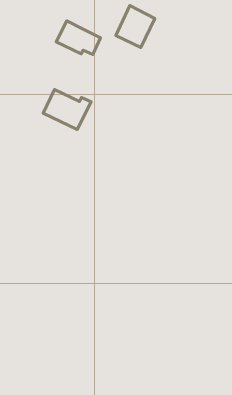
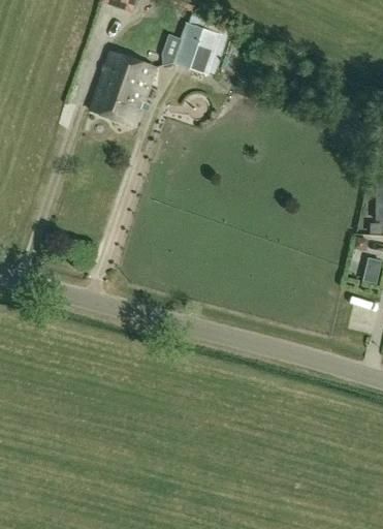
building: [43,89,91,129] -> [89,77,147,124]

